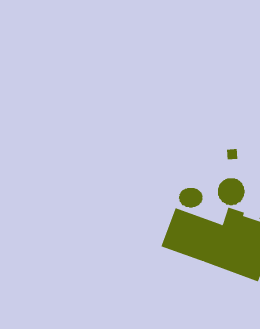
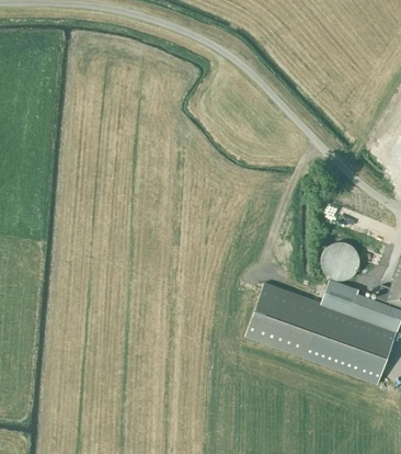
building: [178,187,203,209] -> none

